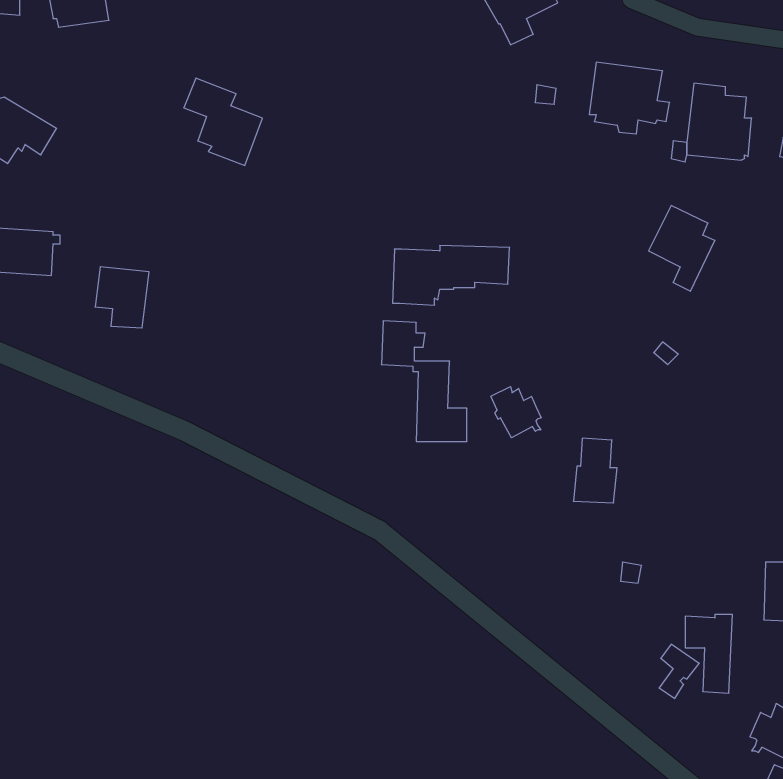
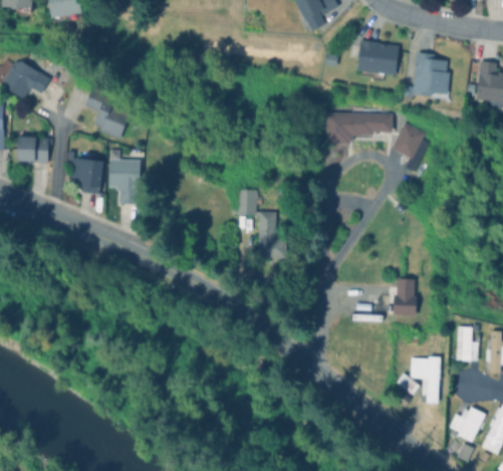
building: [184,78,262,165] -> [84,88,130,139]
building: [393,246,510,305] -> [325,110,393,145]
building: none -> [108,160,140,204]
building: [491,387,541,438] -> none
building: [573,438,617,503] -> [392,278,417,315]

